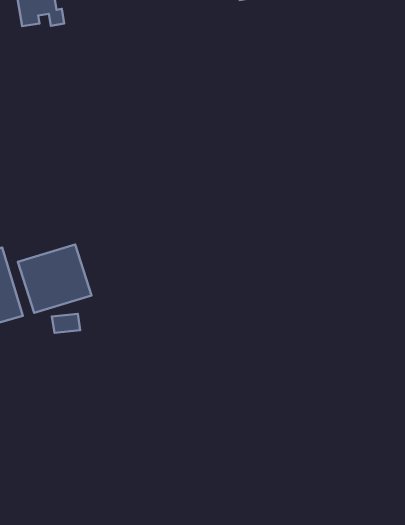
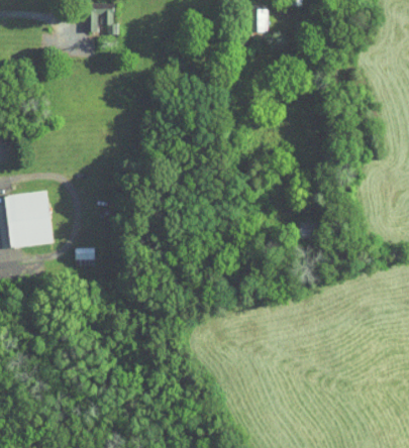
building: [18,245,91,313] -> none

